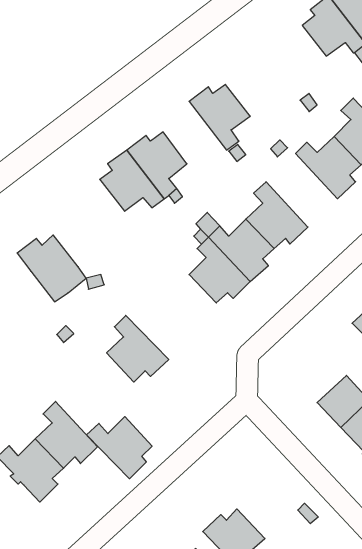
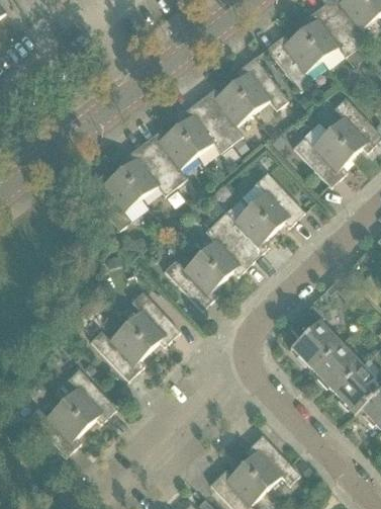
building: none -> [267,31,320,91]
building: none -> [230,56,288,112]
building: none -> [175,99,231,155]
building: [17,235,86,302] -> [86,169,148,229]
building: none -> [164,254,222,310]
building: none -> [288,304,339,368]
building: [86,417,152,479] -> [90,324,149,379]
building: none -> [241,434,299,490]

